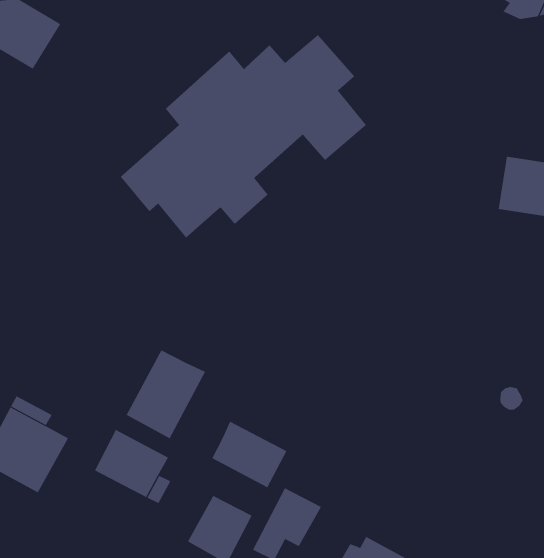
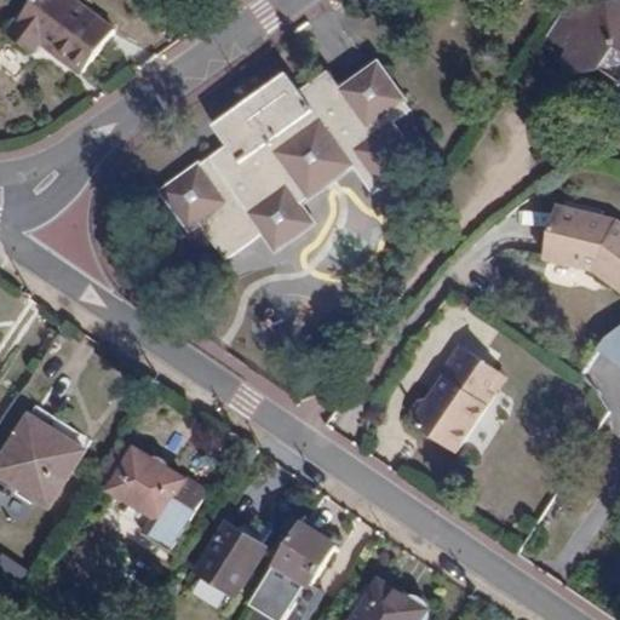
building: none -> [411,344,499,449]
building: [126,350,206,439] -> none
building: [212,421,287,488] -> none

